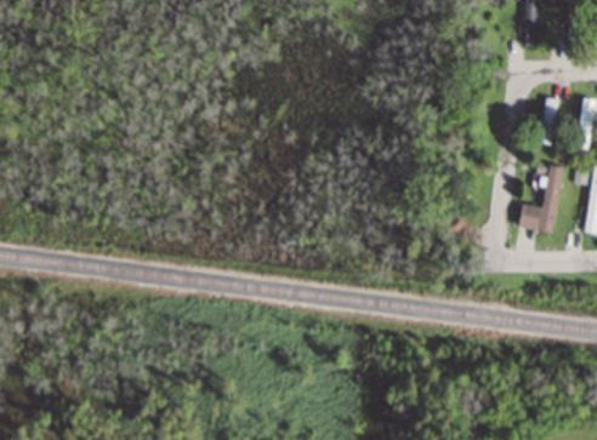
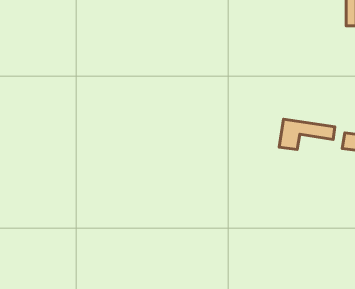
building: none -> [279,119,335,150]

